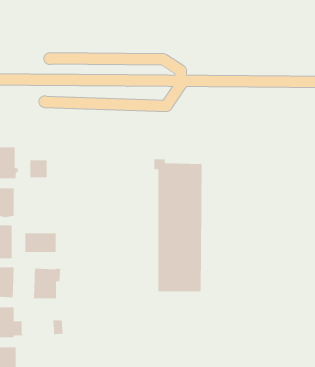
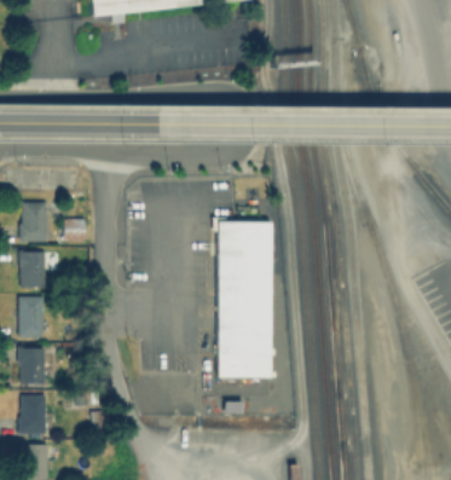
building: [25,232,56,253] -> none
building: [34,268,61,299] -> none

